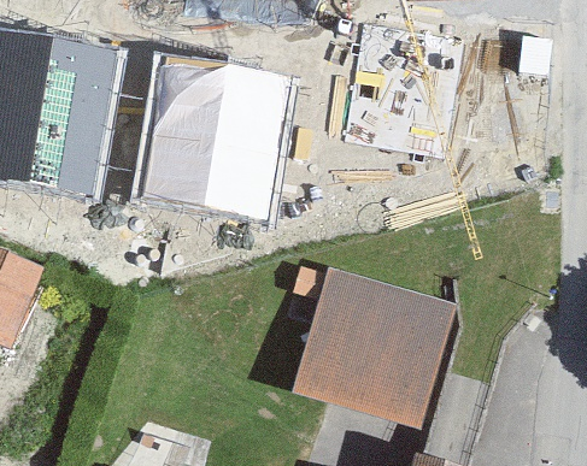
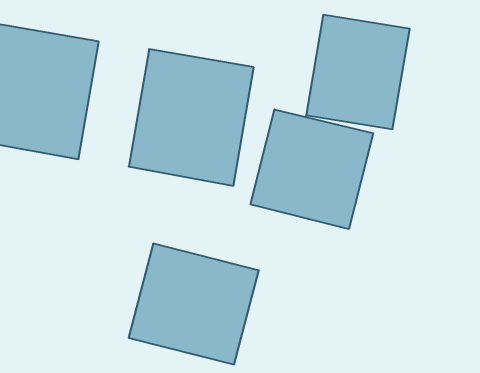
building: none -> [251,109,373,229]
building: [289,278,436,414] -> [129,244,259,364]

